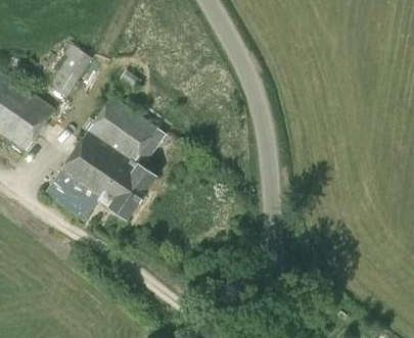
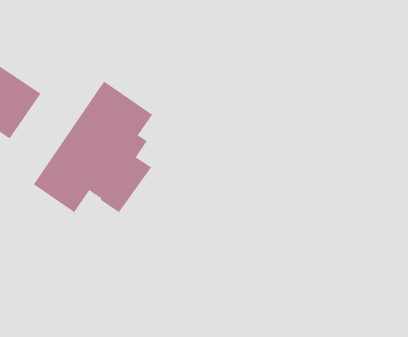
building: [49,44,92,97] -> none

